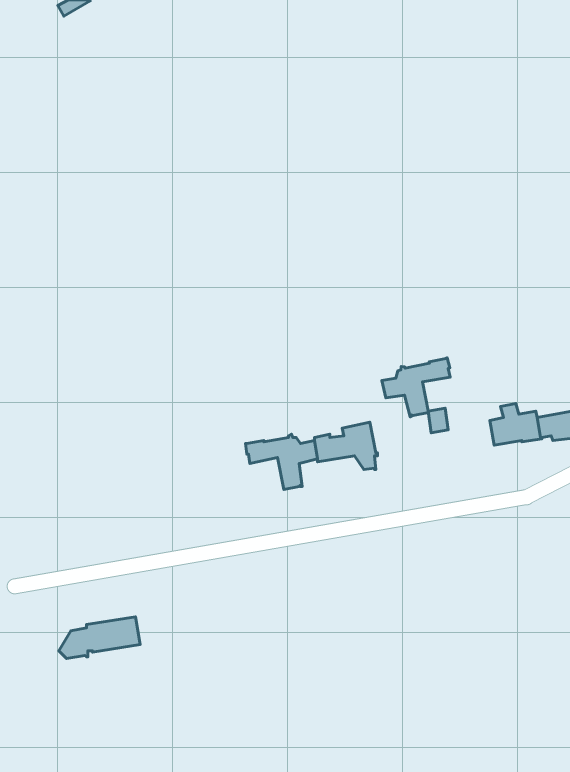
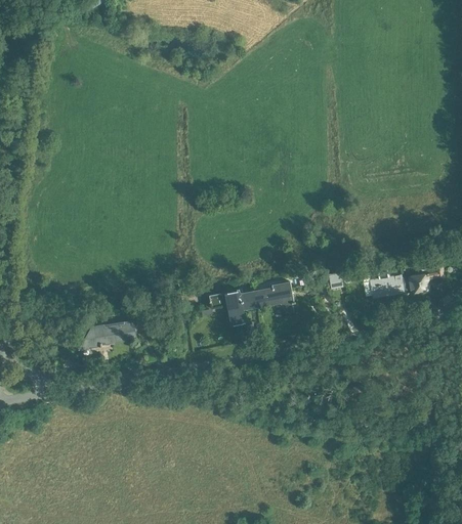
building: [382,358,450,417] -> none
building: [59,617,140,658] -> [80,321,134,349]

